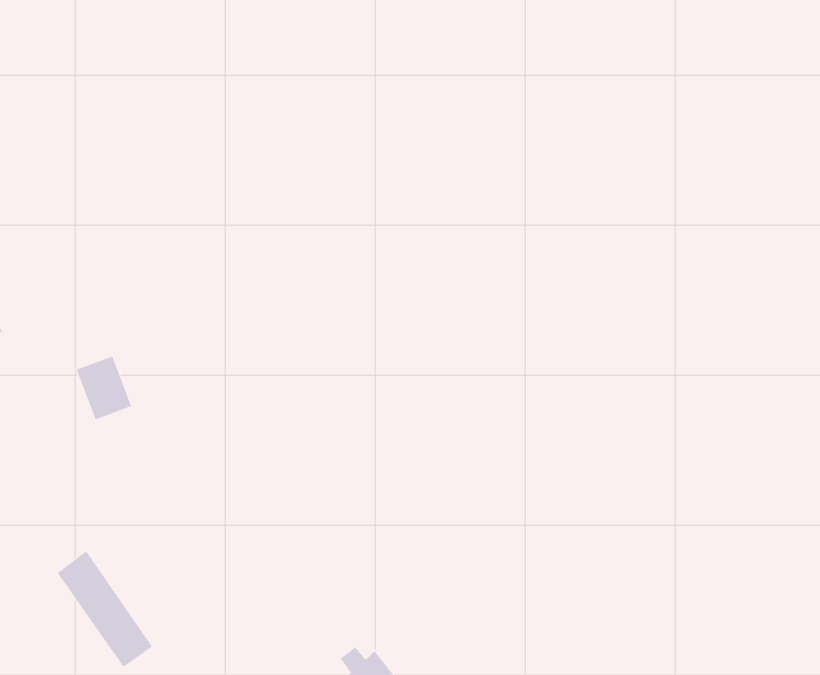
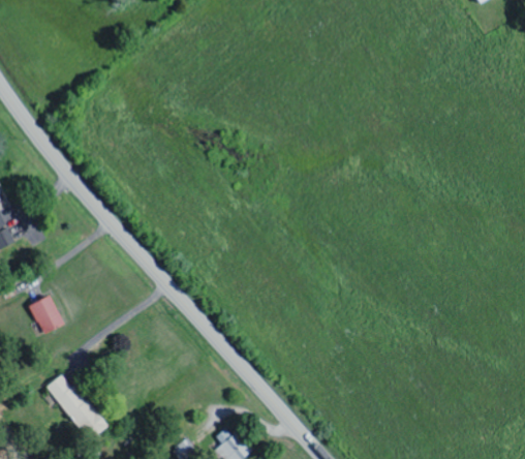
building: [76,356,132,420] -> [29,296,62,334]

